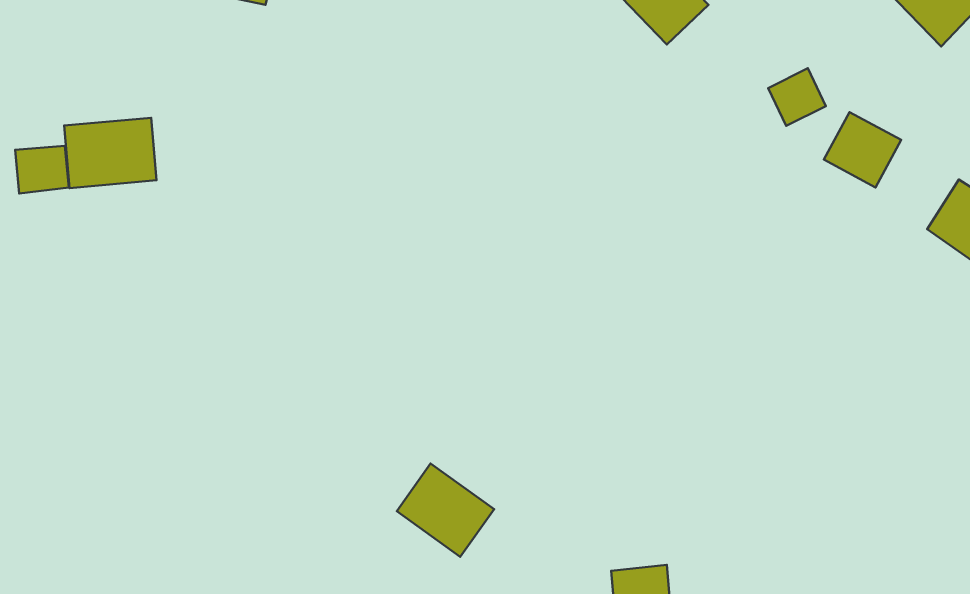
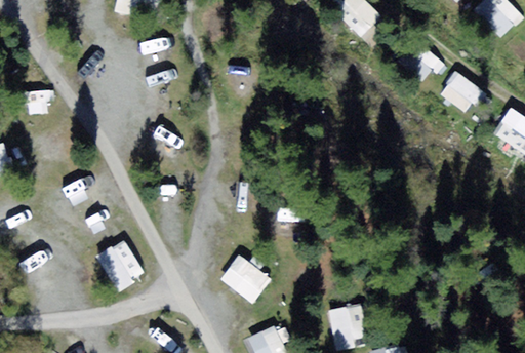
building: [64,118,156,188] -> none
building: none -> [95,239,145,290]

